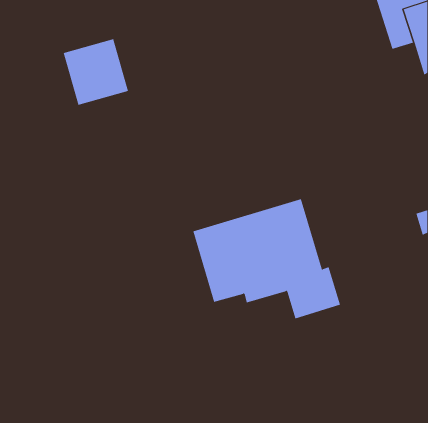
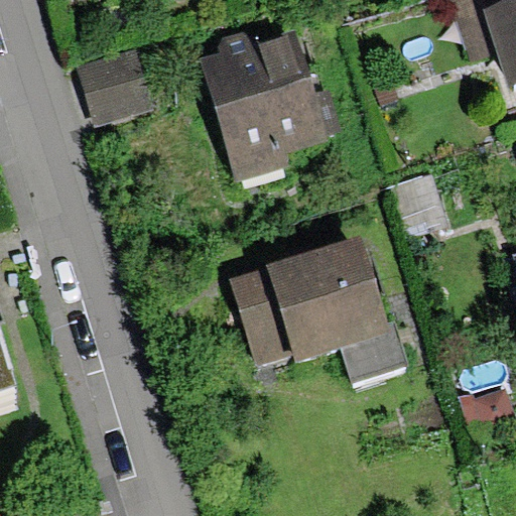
building: none -> [203,29,340,178]

